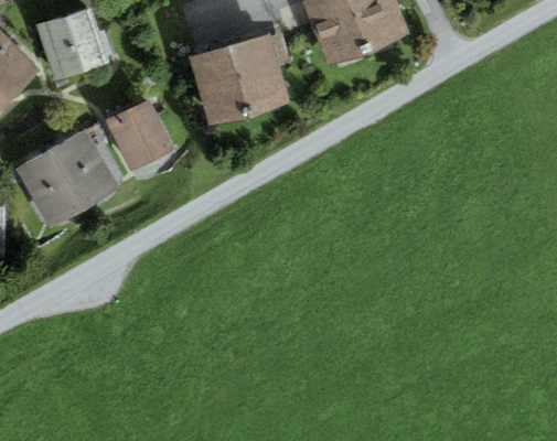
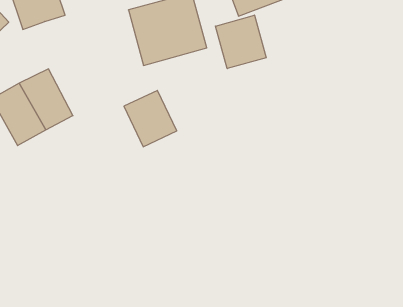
building: none -> [215,15,266,69]
building: [106,99,172,170] -> [124,90,177,147]

